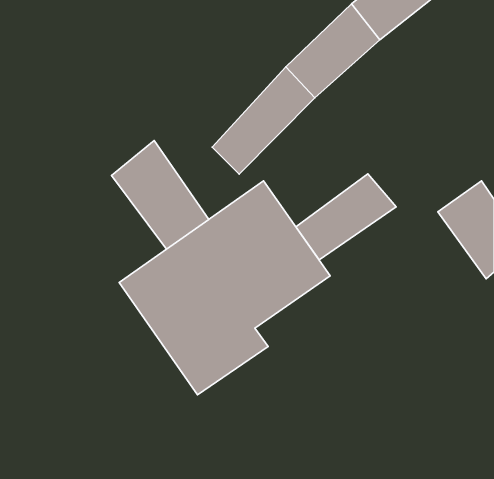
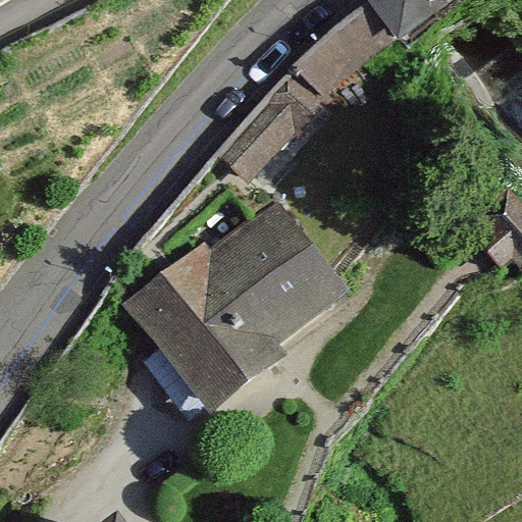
building: [112,140,209,249] -> none
building: [296,174,396,260] -> none

